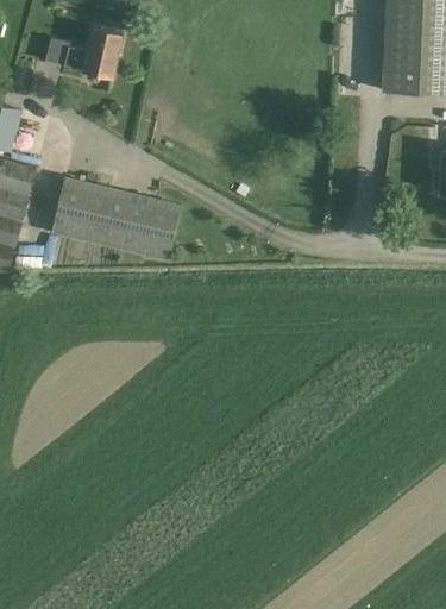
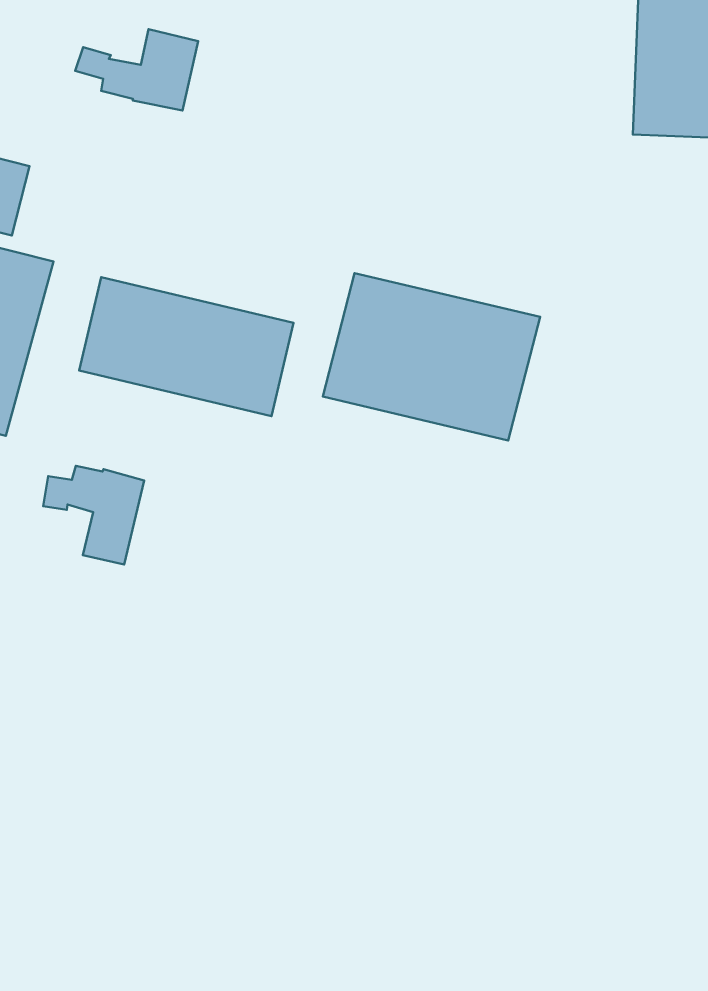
building: none -> [323,273,540,440]
building: none -> [43,466,144,564]

